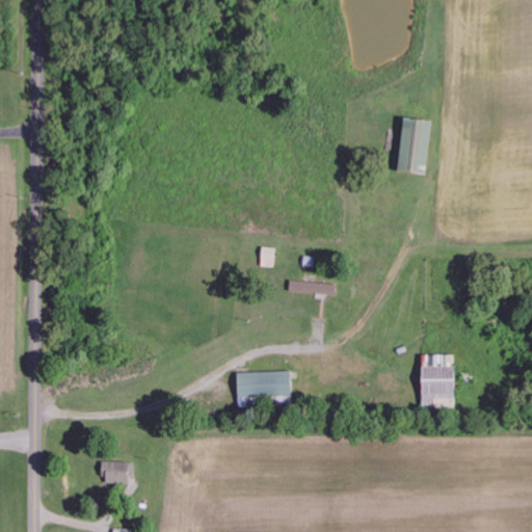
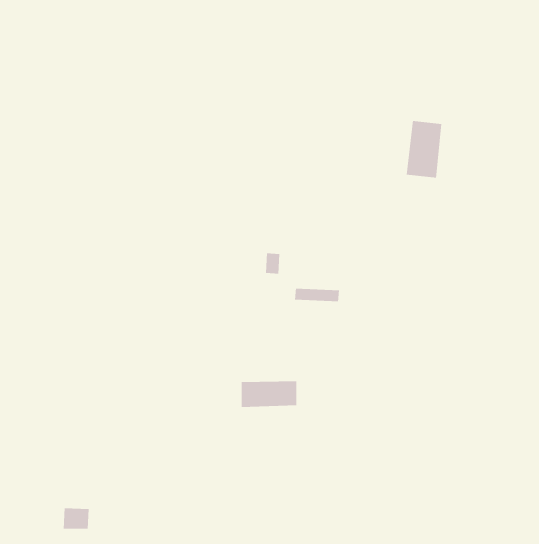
building: [421,354,454,406] -> none
building: [101,461,127,482] -> [63,508,89,529]

